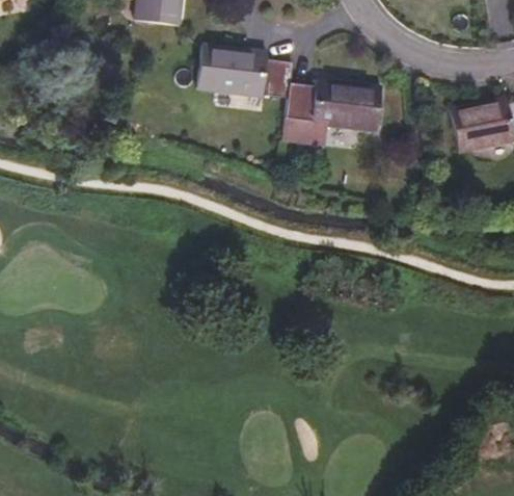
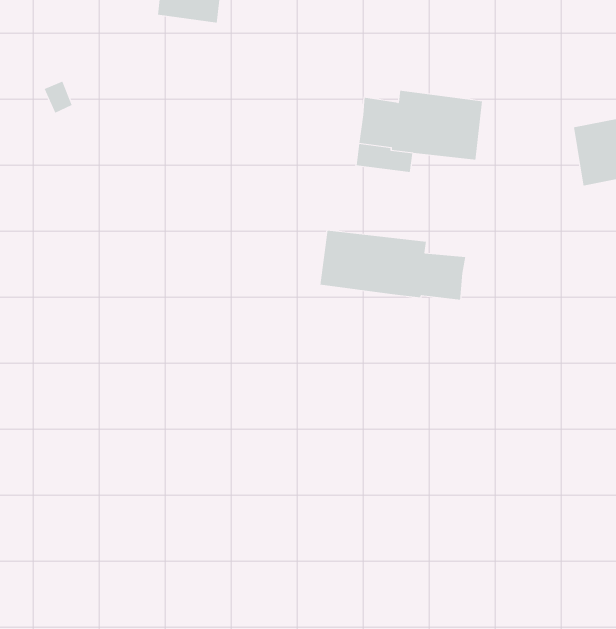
building: [197,45,294,98] -> none
building: none -> [320,230,466,300]

